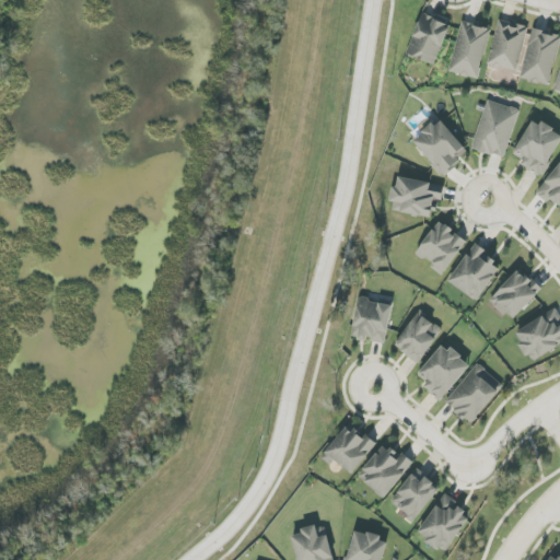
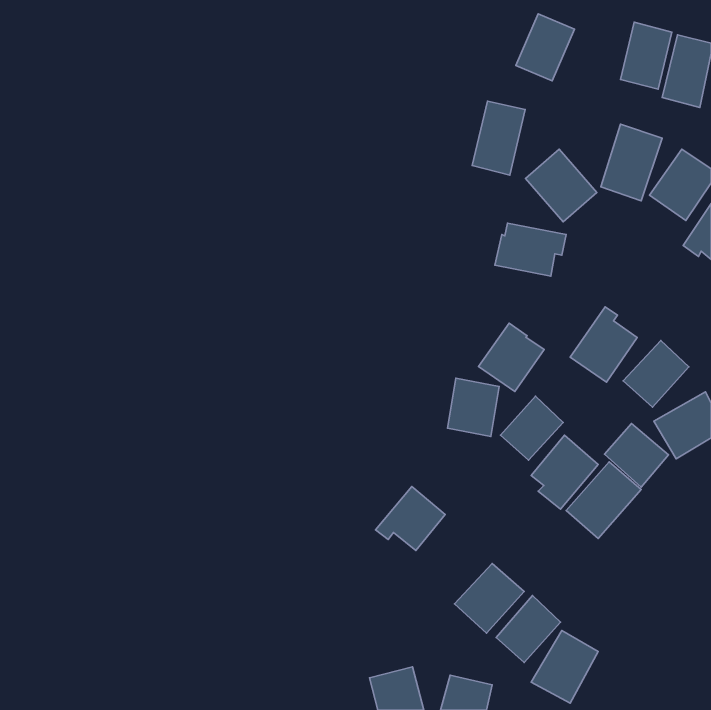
building: [448,20,490,78] -> [472,101,525,175]
building: [415,219,466,272] -> [478,323,544,391]
building: none -> [604,423,668,487]
building: [319,422,374,472] -> [376,486,445,551]

